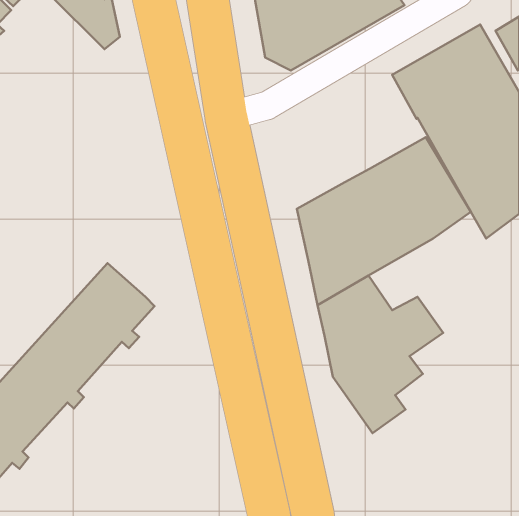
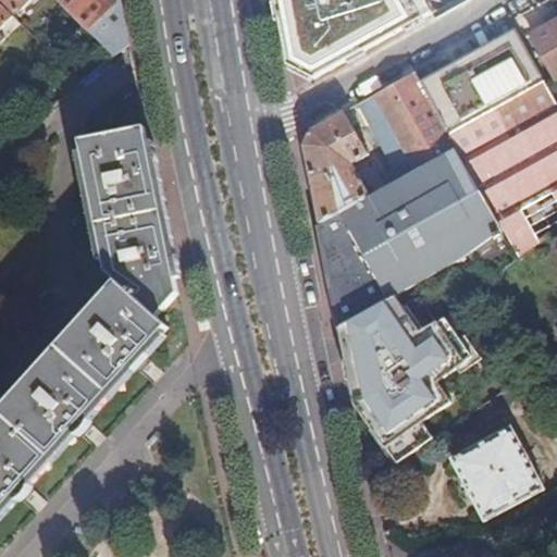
building: none -> [352,70,454,180]
building: none -> [299,108,367,222]
building: none -> [79,124,176,315]
building: none -> [449,423,541,516]

